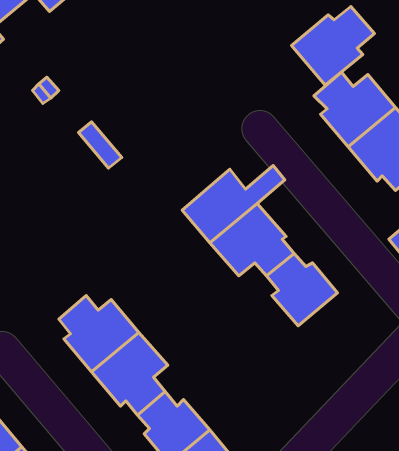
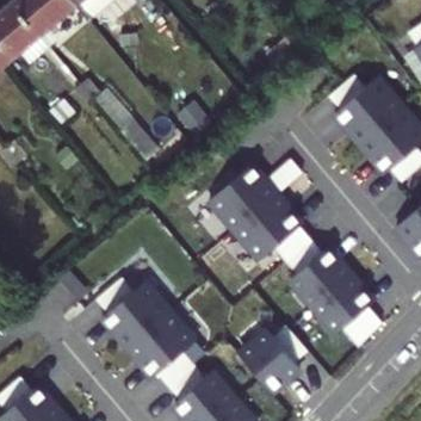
building: [292,6,375,85] -> none
building: none -> [314,275,382,346]
building: none -> [240,326,308,391]

